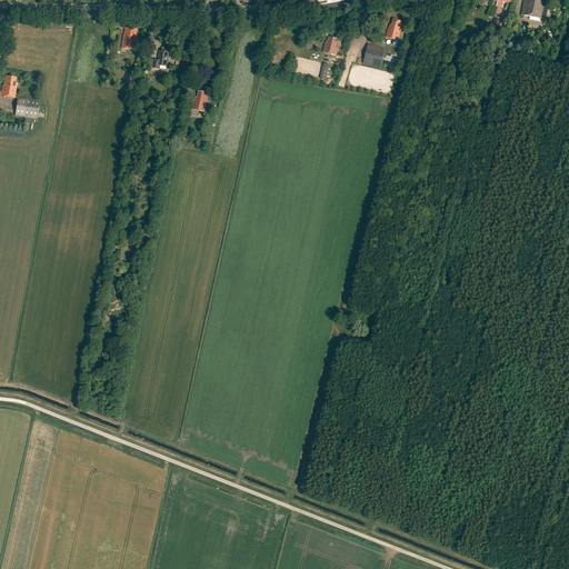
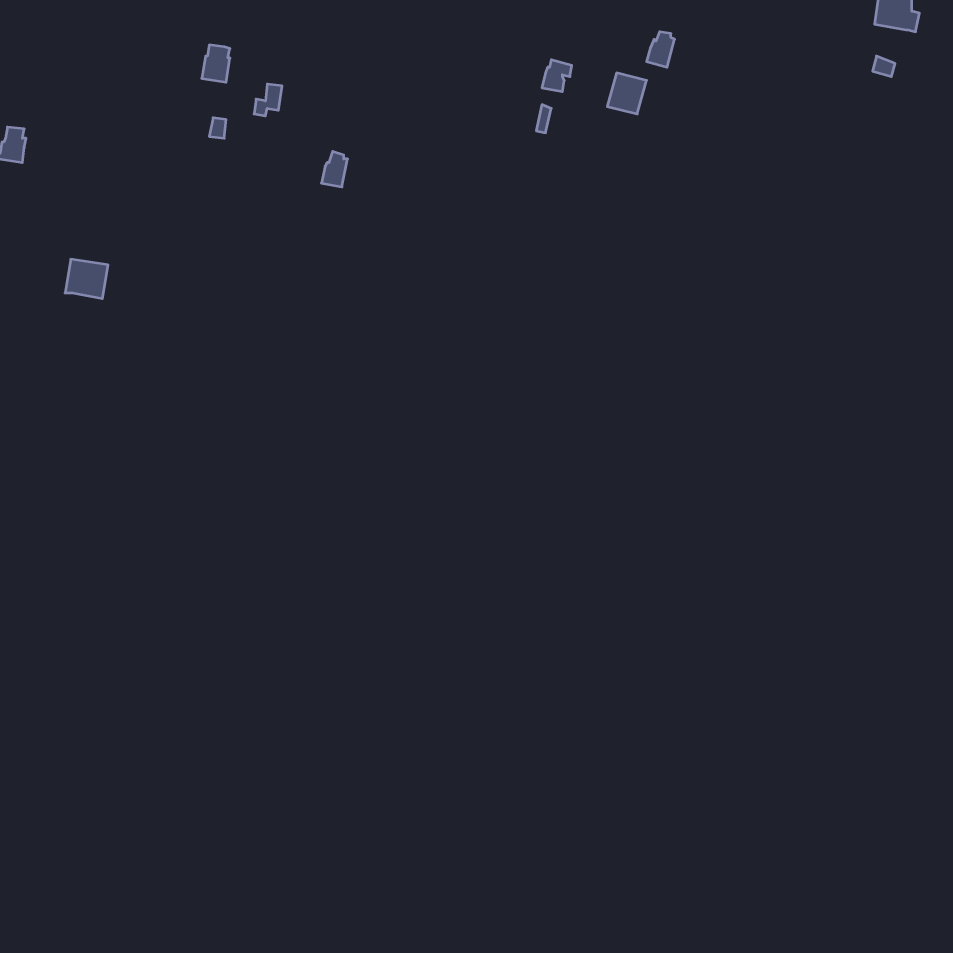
building: [13,96,39,119] -> [65,259,108,299]

